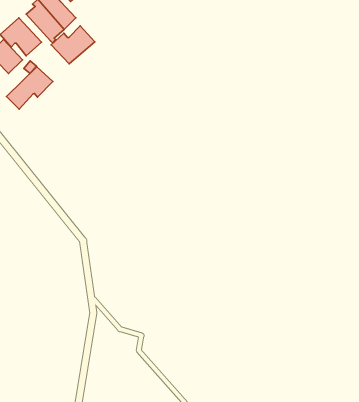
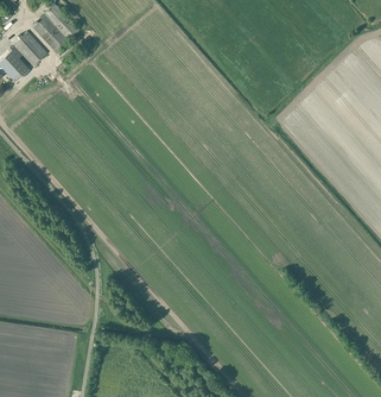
building: [51,26,95,64] -> none
building: [7,67,53,109] -> none

